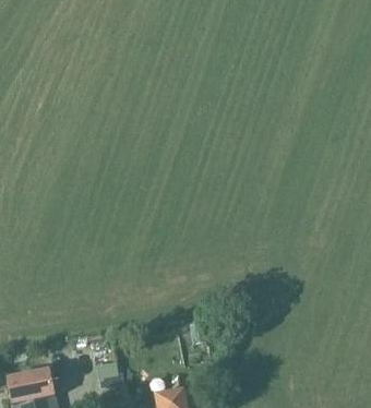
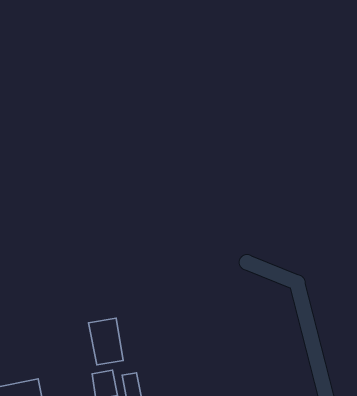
building: none -> [89,318,123,365]

